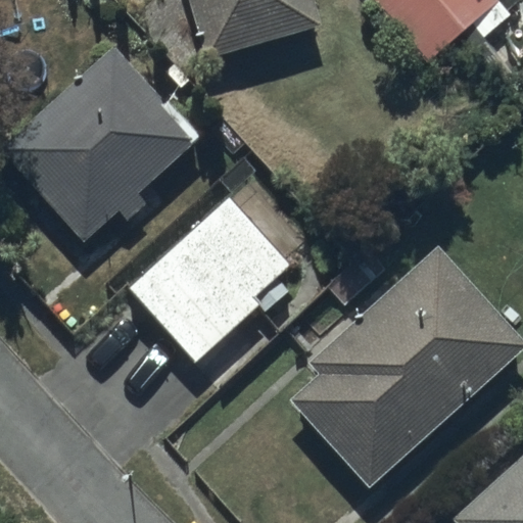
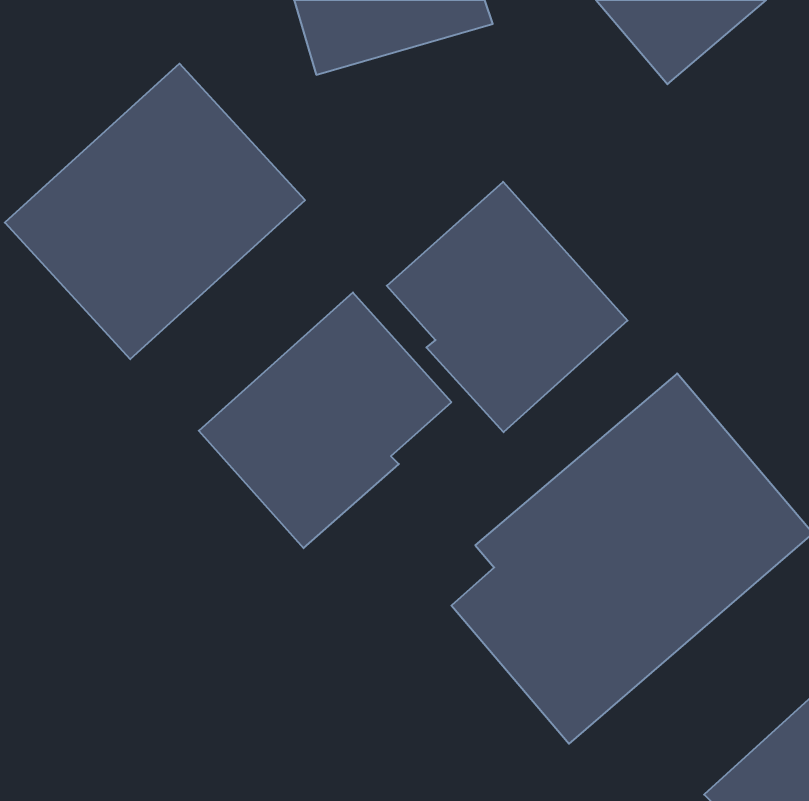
building: none -> [387,182,628,432]

